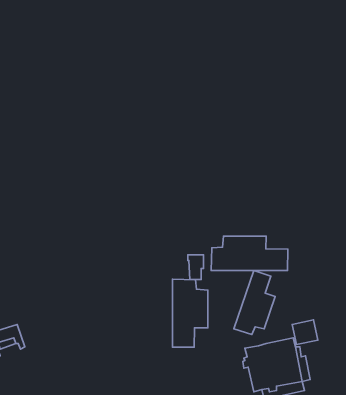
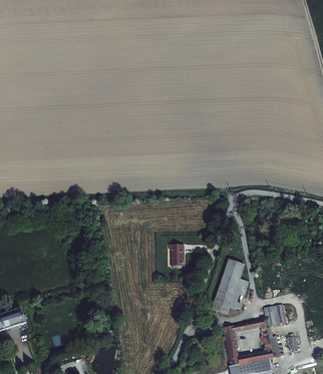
building: [211,236,288,271] -> none
building: [172,279,208,347] -> none

